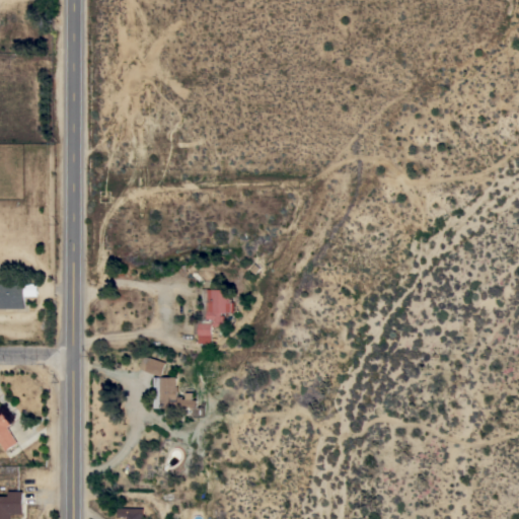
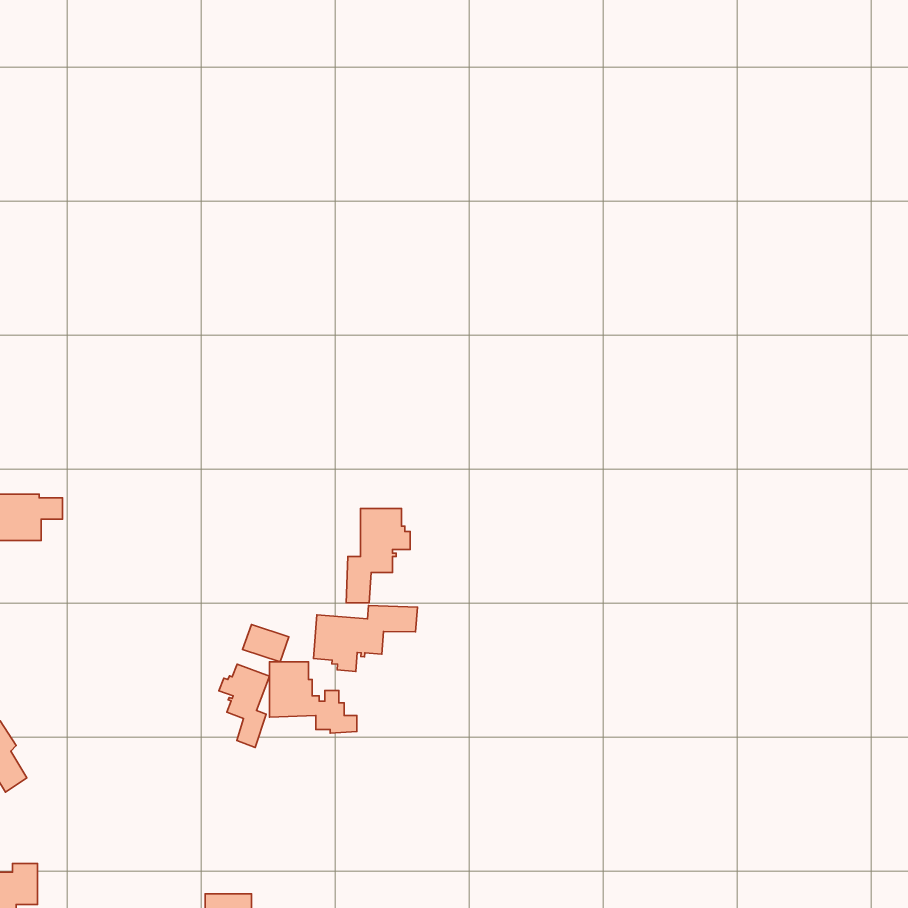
building: none -> [313,605,417,671]
building: none -> [219,664,269,747]

